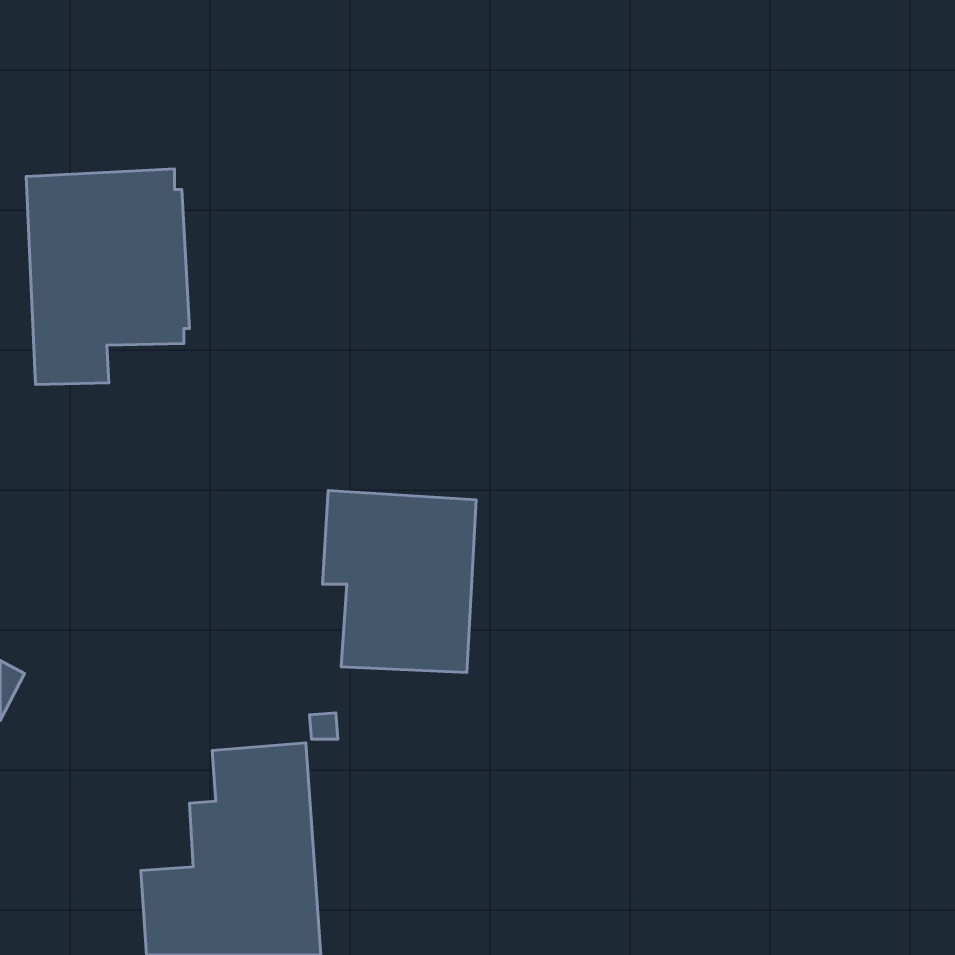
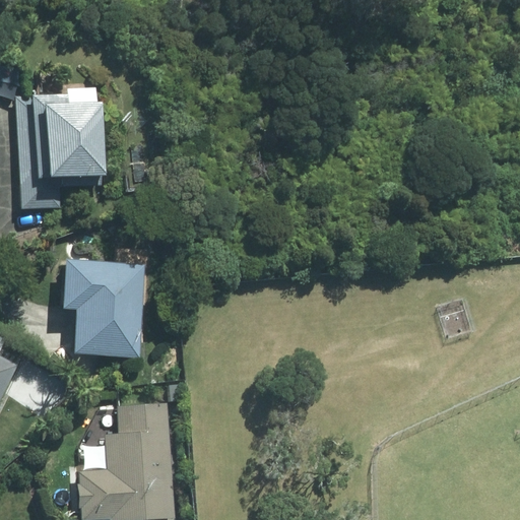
building: [322,490,476,672] -> [62,259,145,358]

